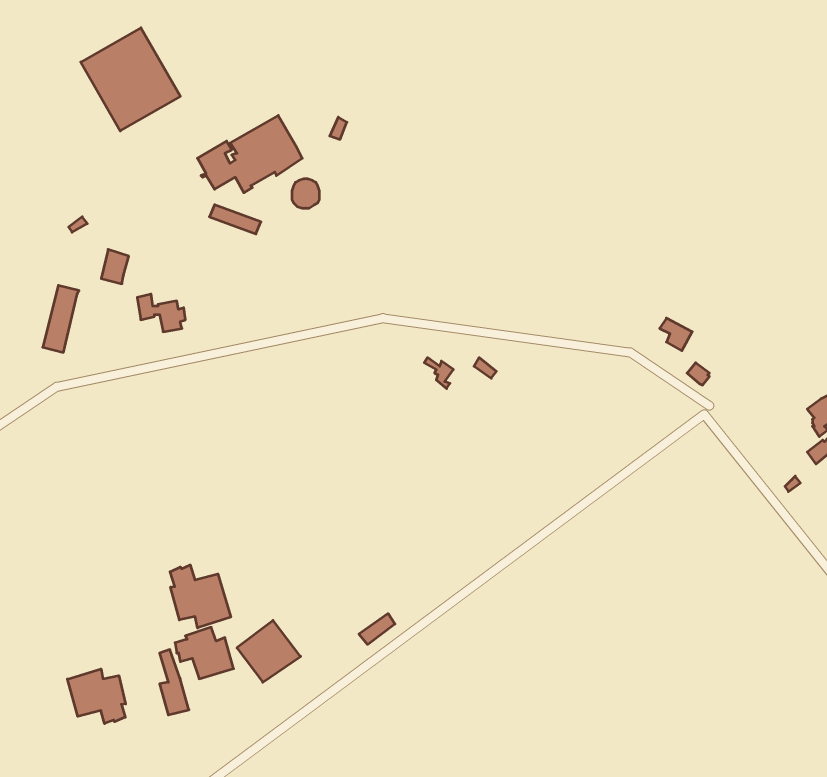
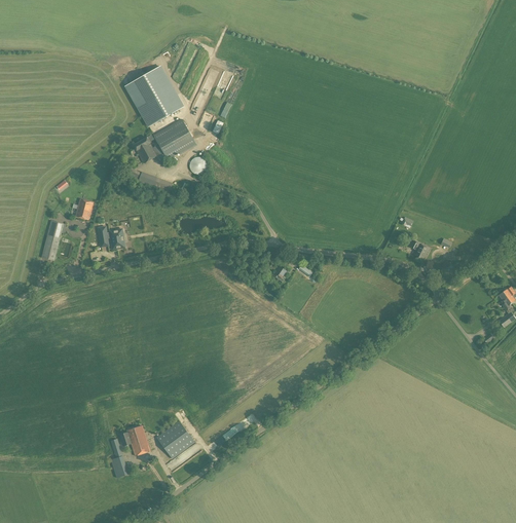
building: [81,28,180,131] -> [123,65,183,126]
building: [170,565,231,628] -> none
building: [67,669,126,724] -> none

